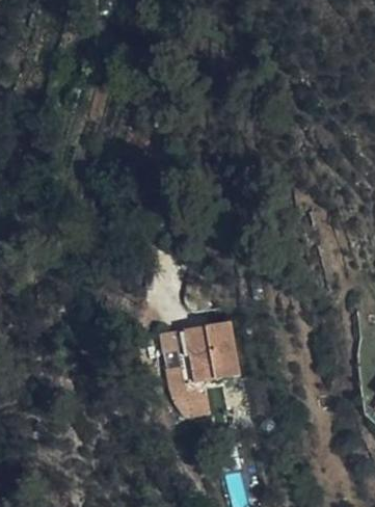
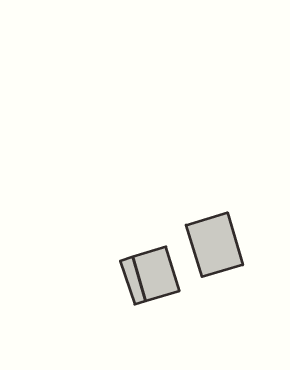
building: none -> [186,213,243,277]

